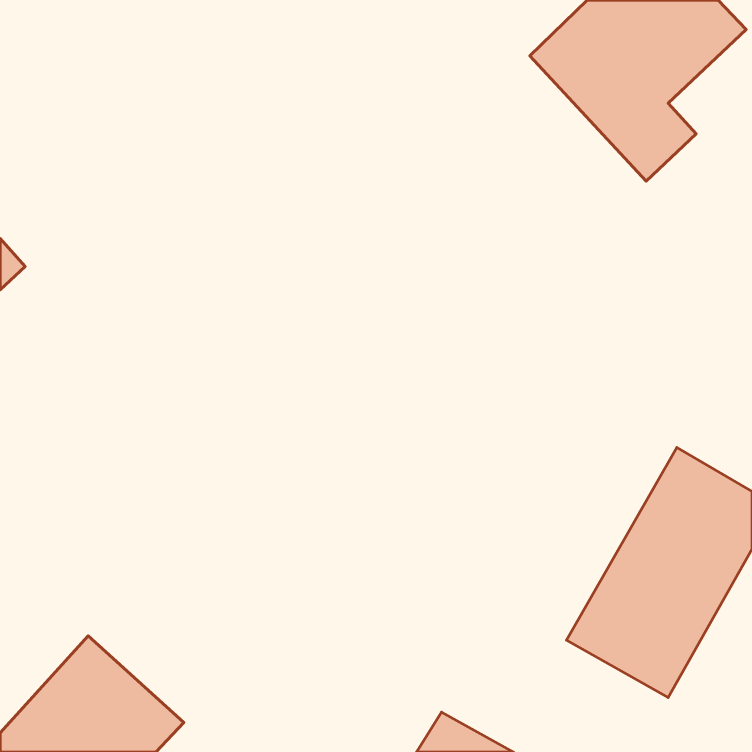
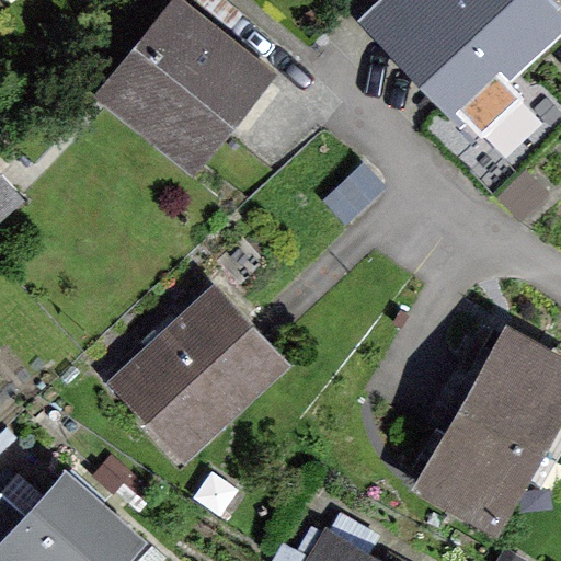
building: none -> [115,11,254,152]
building: none -> [115,288,274,445]

